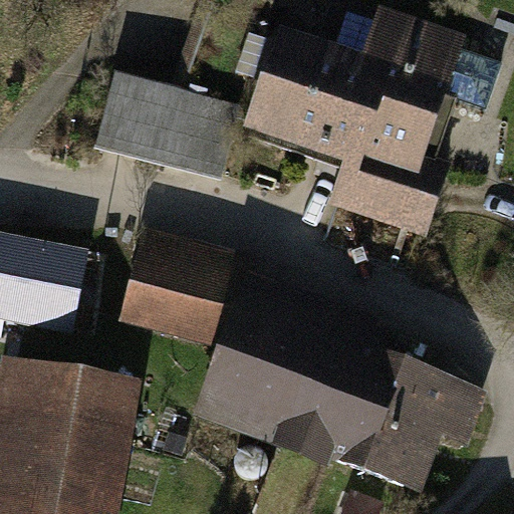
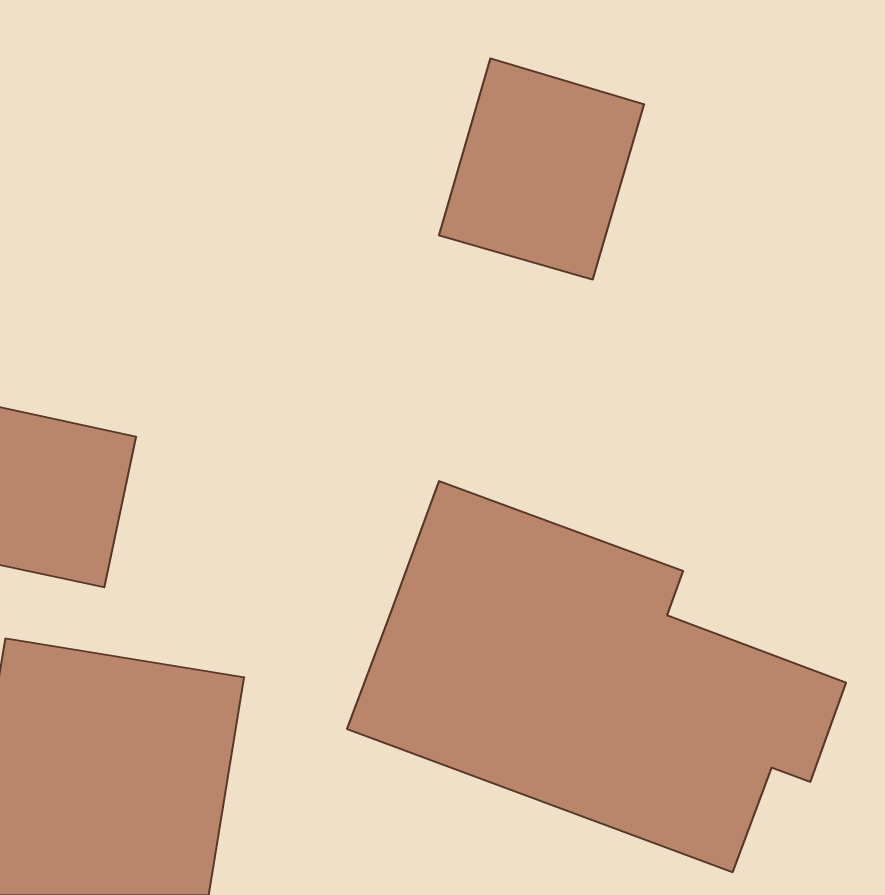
building: [324,12,465,231] -> none
building: [94,73,235,177] -> none
building: [120,227,256,349] -> none

